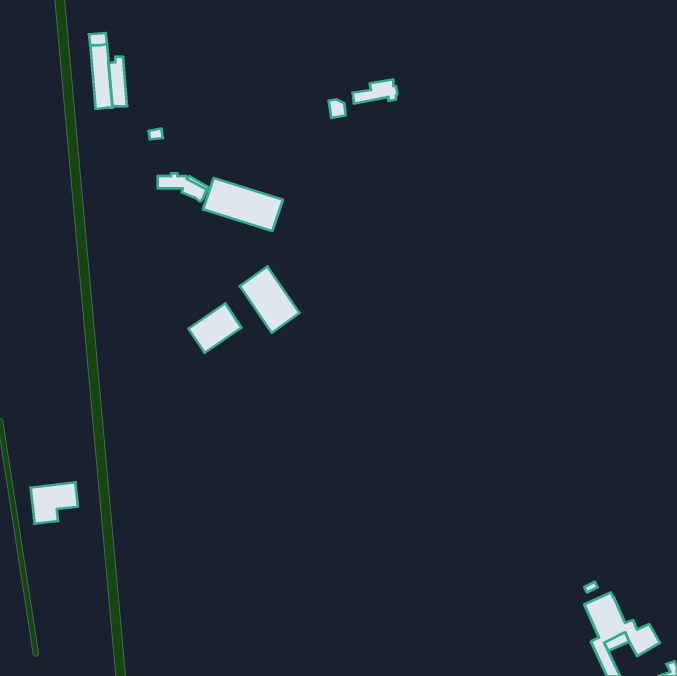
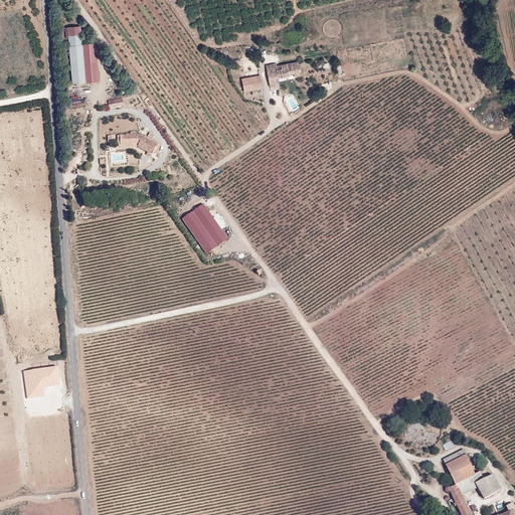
building: [203,178,283,231] -> none
building: [189,303,241,353] -> none

